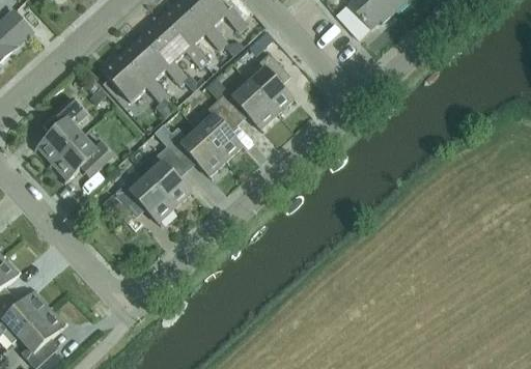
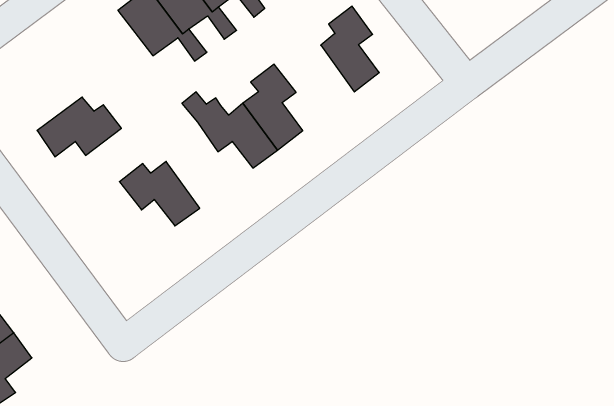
building: [204,78,276,129] -> none
building: [36,101,84,163] -> none
building: [146,146,191,207] -> none

